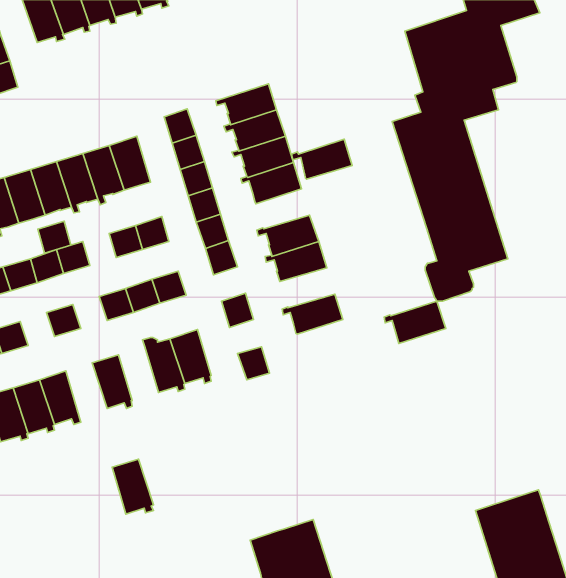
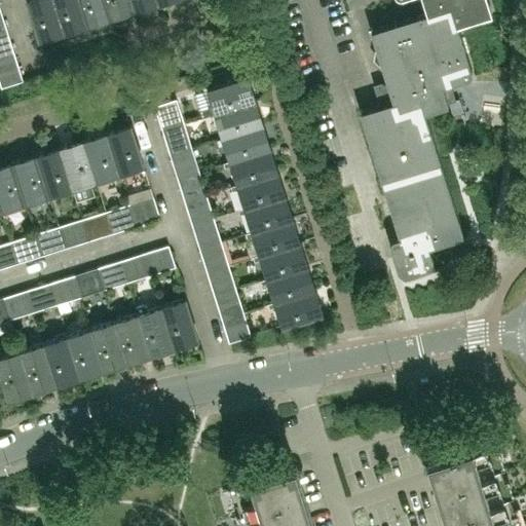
building: [292,139,352,179] -> [230,175,285,211]
building: [38,221,71,253] -> [81,215,111,243]
building: none -> [198,245,227,275]
building: none -> [252,246,307,281]
building: none -> [72,271,103,300]
building: [384,301,446,343] -> [267,292,323,330]
building: none -> [25,286,55,315]
building: none -> [213,292,241,323]
building: none -> [113,316,150,365]
building: [112,459,153,514] -> [66,331,103,380]

